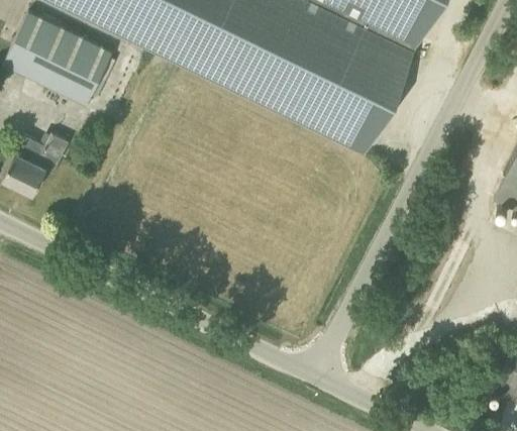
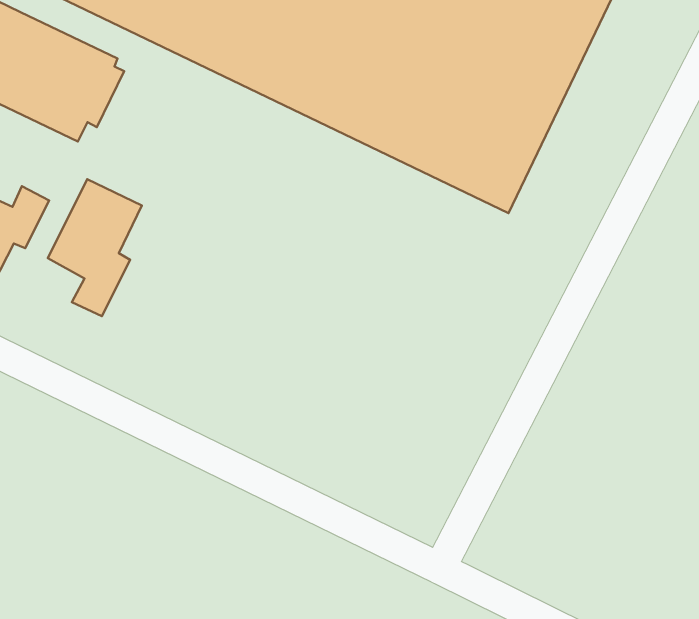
building: none -> [48,179,142,316]

